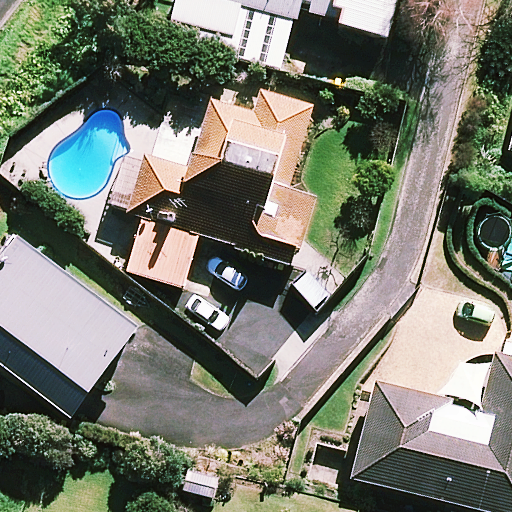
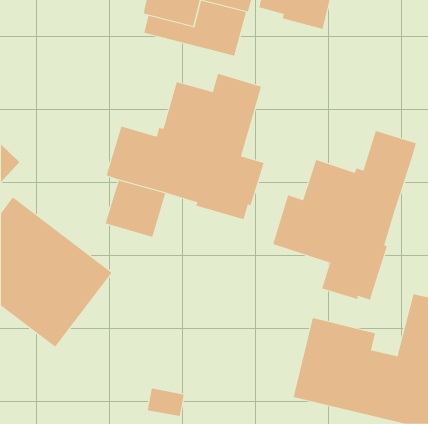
building: none -> [272,130,417,301]

